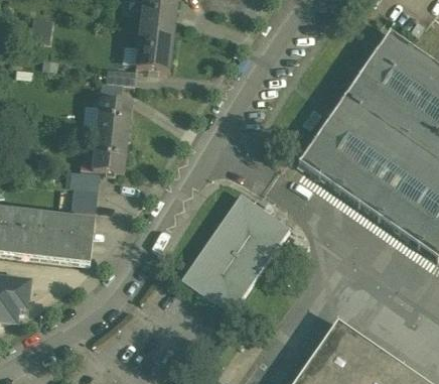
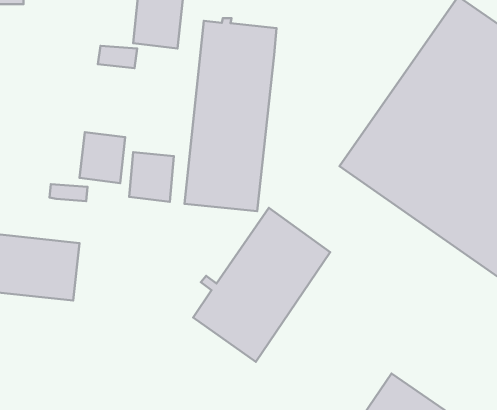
building: none -> [185,18,276,211]
building: [99,100,133,138] -> [129,152,174,202]
building: [75,185,100,211] -> none

